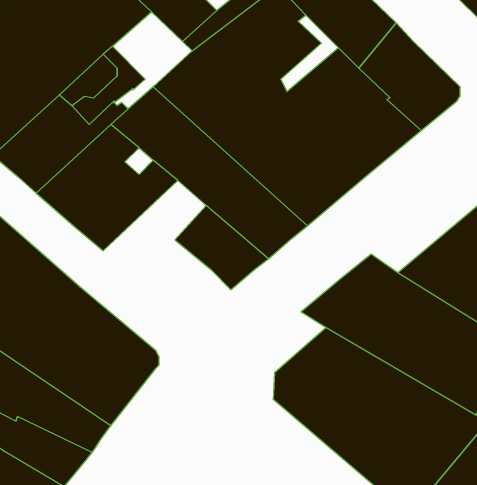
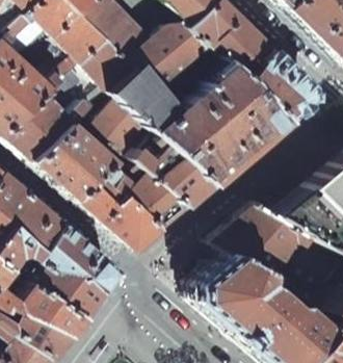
building: none -> [83,38,136,88]
building: none -> [77,151,162,247]

